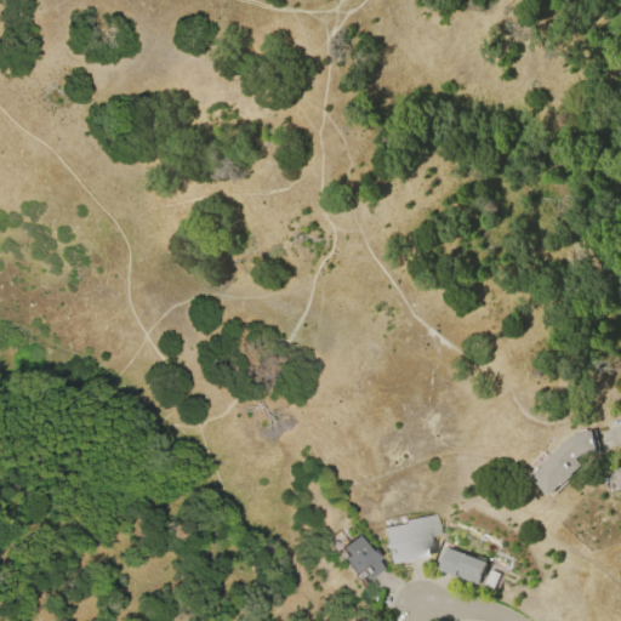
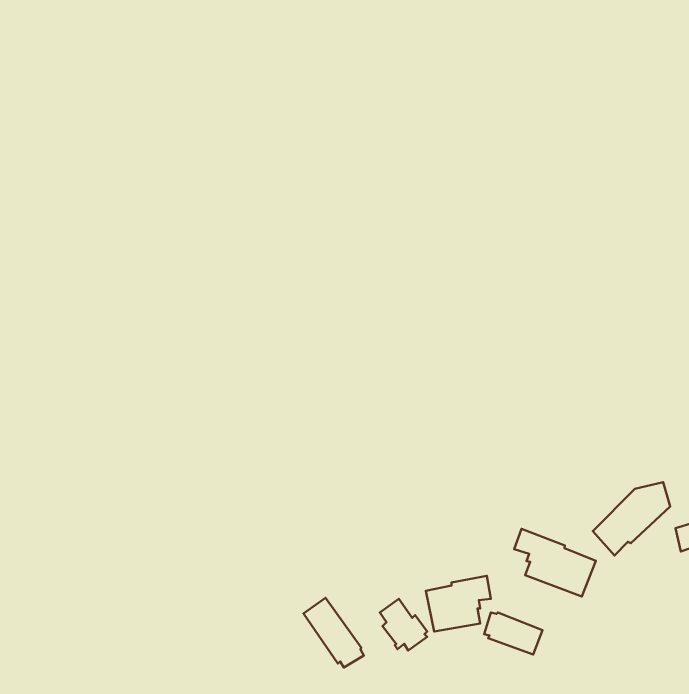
building: none -> [514,529,596,596]
building: none -> [303,598,364,668]

